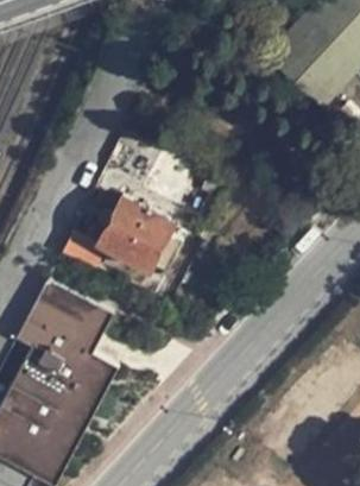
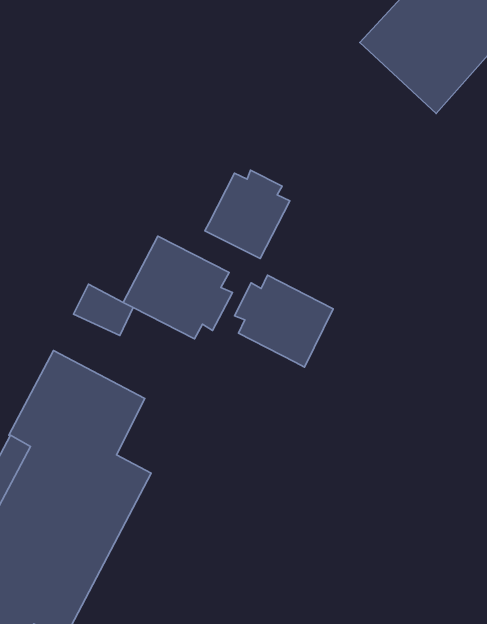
building: none -> [205,170,290,258]
building: none -> [234,275,333,367]

